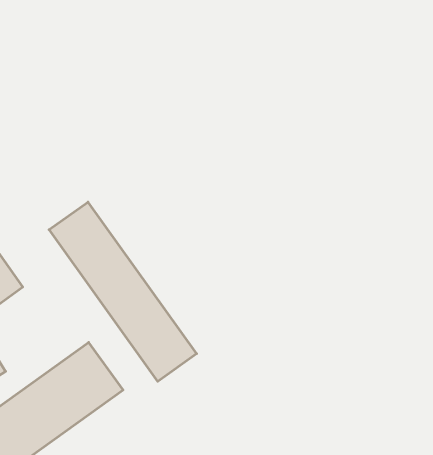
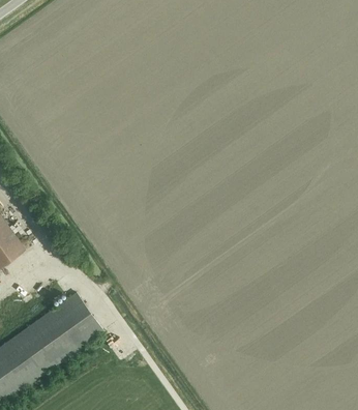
building: [49,202,197,381] -> none

